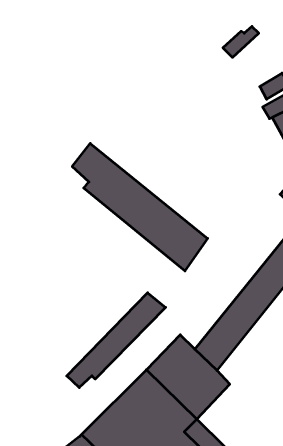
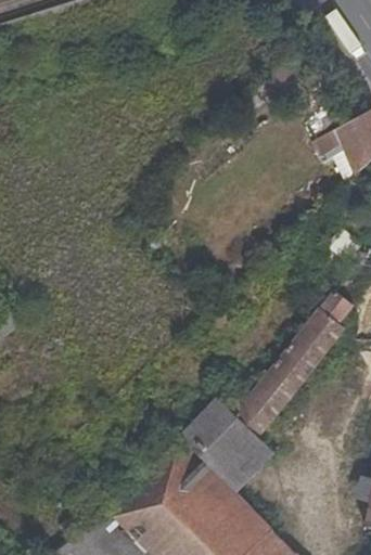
building: [72,143,208,271] -> none
building: [67,293,166,388] -> none

